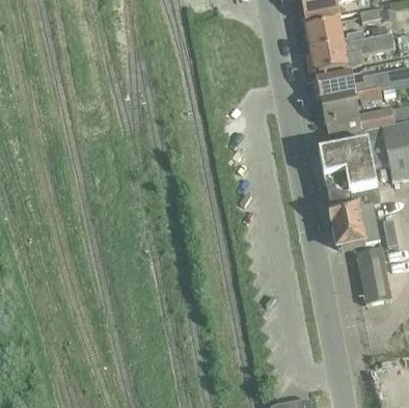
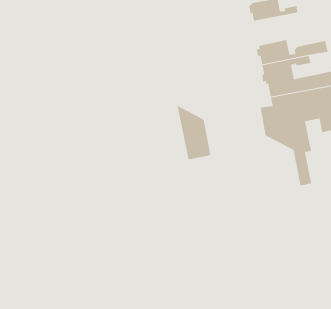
building: [309,31,393,70] -> none
building: [324,183,365,248] -> [177,105,211,160]
building: [357,246,391,302] -> none

